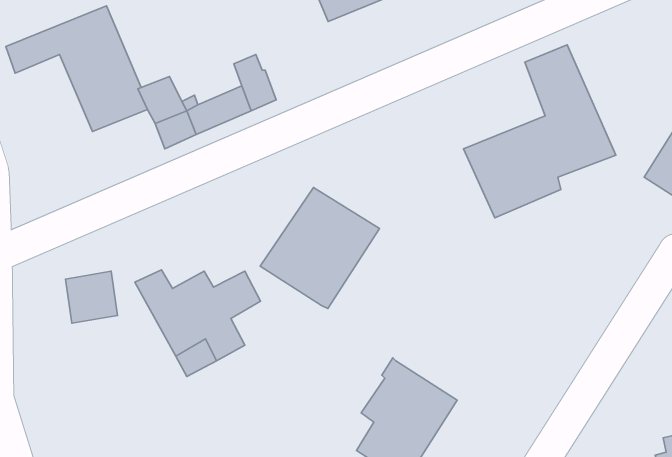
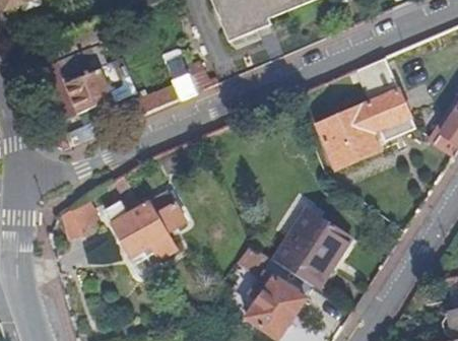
building: [260,188,380,309] -> [272,209,349,287]

